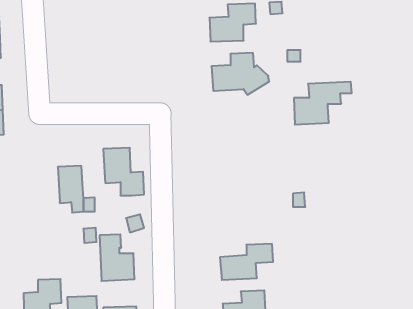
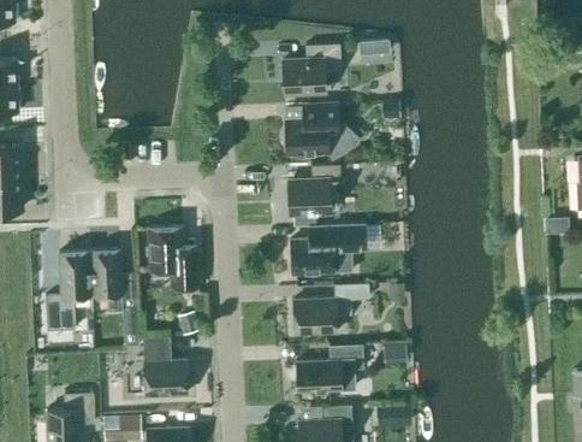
building: [294,82,352,125] -> [291,222,364,276]
building: none -> [289,166,342,216]
building: none -> [46,249,93,329]
building: none -> [293,284,368,335]

